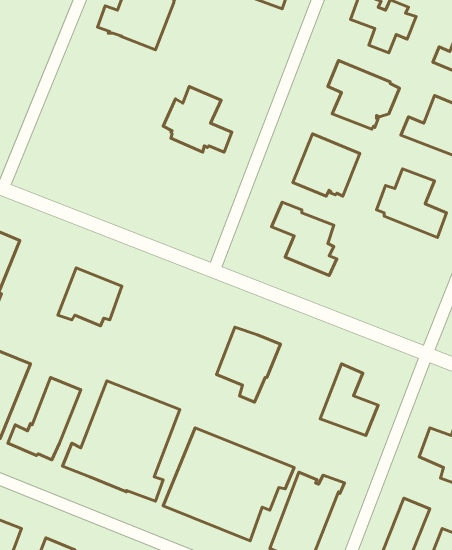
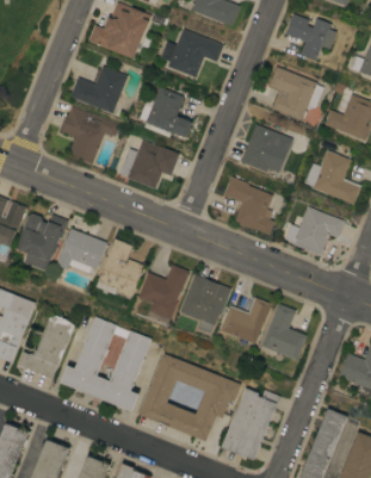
building: none -> [163,29,223,77]
building: none -> [70,66,126,113]
building: none -> [60,105,119,163]
building: none -> [119,139,179,188]
building: none -> [284,206,344,255]
building: none -> [16,213,68,269]
building: none -> [97,237,146,298]
building: none -> [138,263,188,318]
building: none -> [221,297,271,343]

